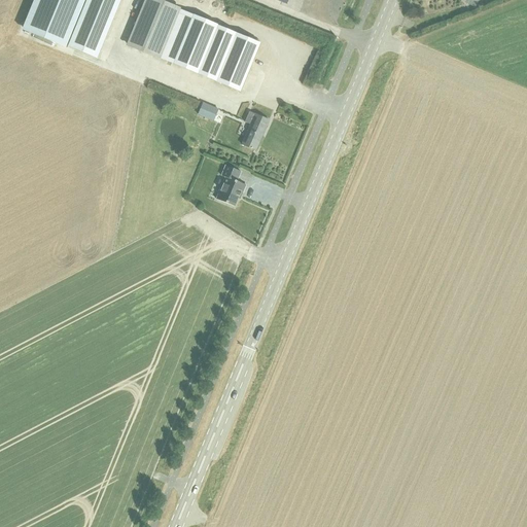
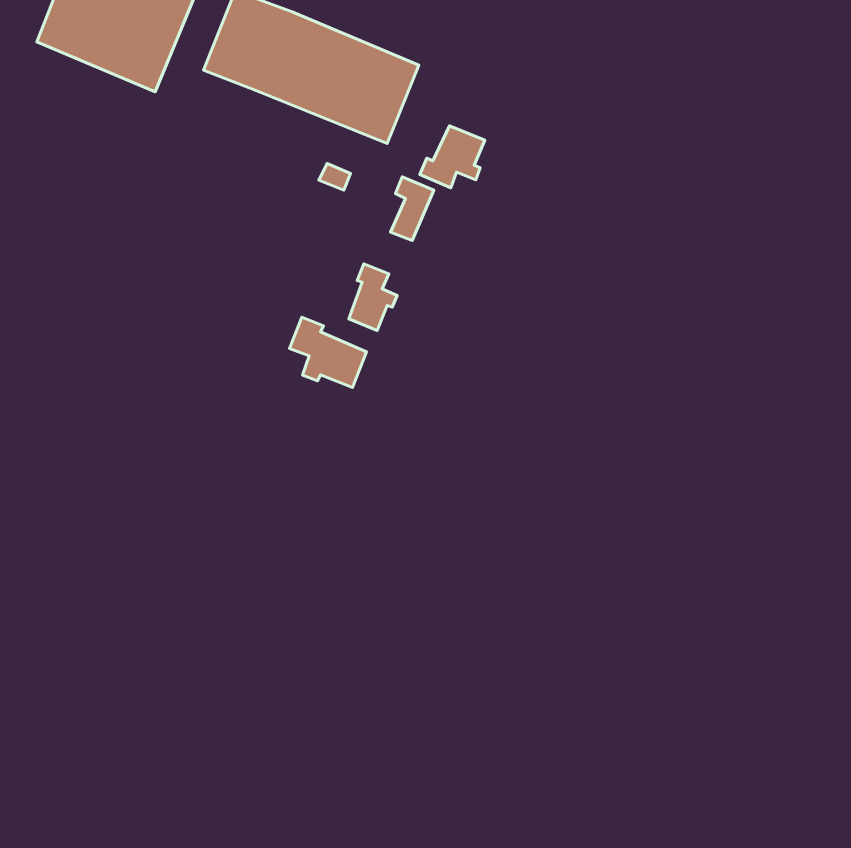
building: none -> [420,126,485,188]
building: none -> [289,317,366,388]

